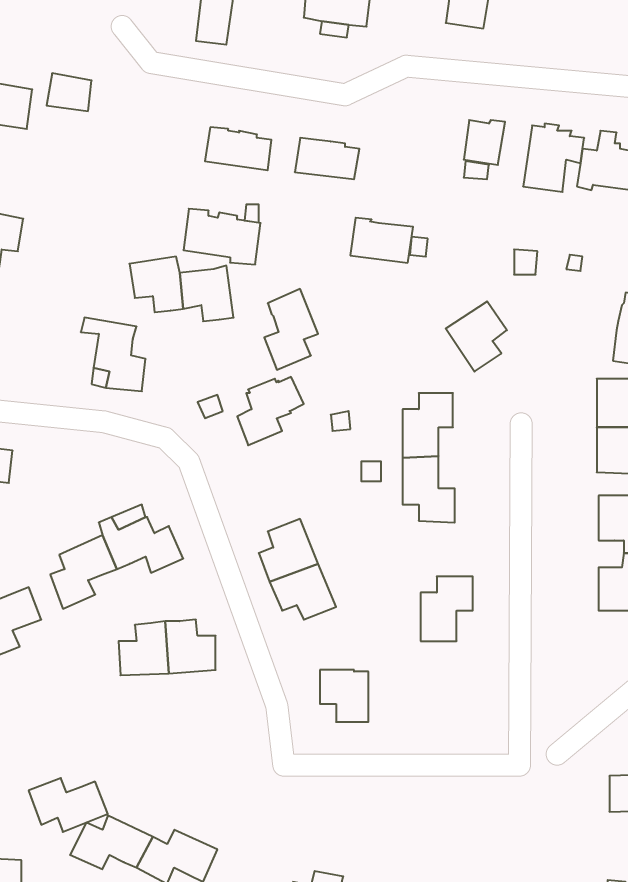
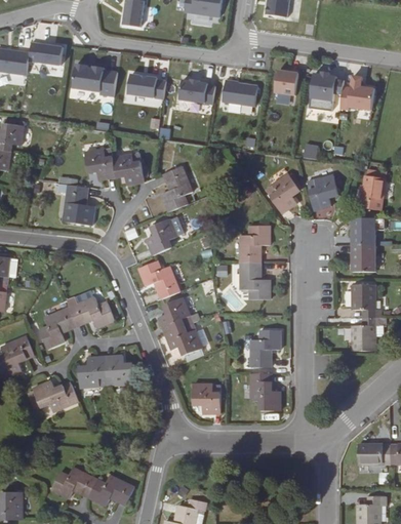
building: [183,209,261,264] -> [73,64,117,95]
building: [350,218,413,263] -> [222,80,257,106]
building: none -> [308,174,337,209]
building: none -> [138,260,179,299]
building: none -> [250,373,280,410]
building: [29,778,108,832] -> [33,380,78,411]

